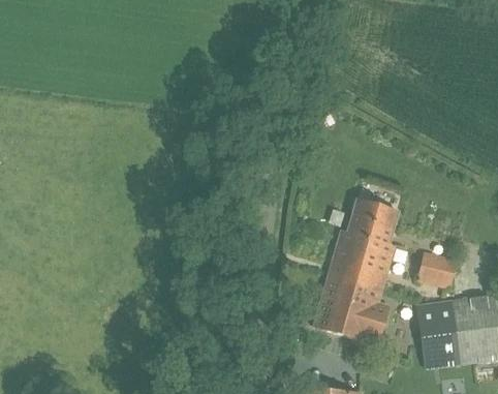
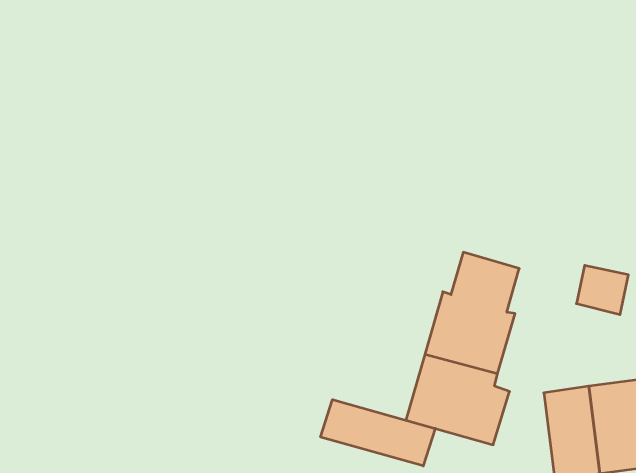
building: [417,251,457,289] -> [576,265,628,315]
building: none -> [321,400,435,466]

